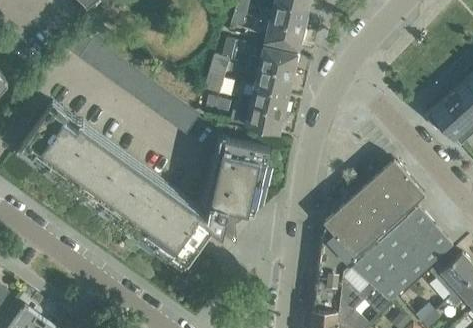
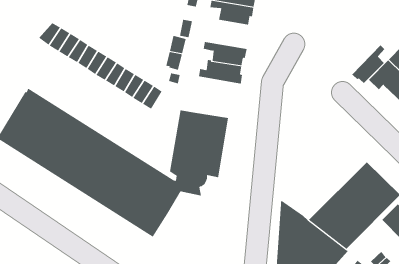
building: [248,46,297,74] -> none
building: none -> [351,45,385,84]
building: [232,101,286,131] -> none
building: [321,158,425,265] -> none

